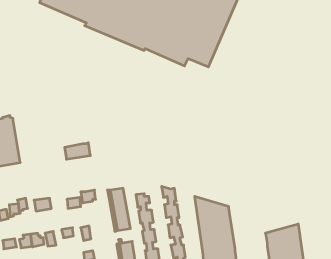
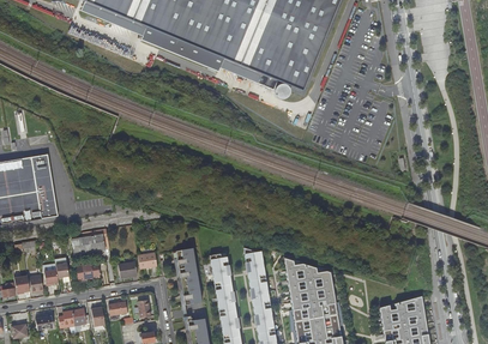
building: [65,143,90,159] -> [72,233,106,254]

